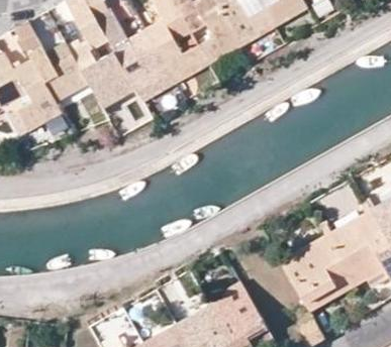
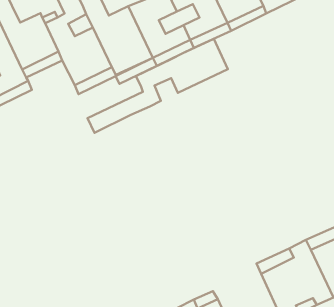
building: none -> [87,39,228,133]

